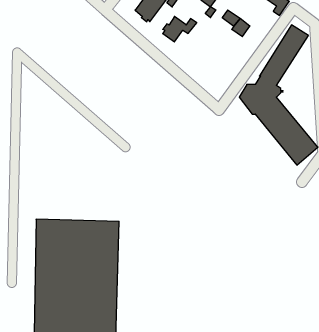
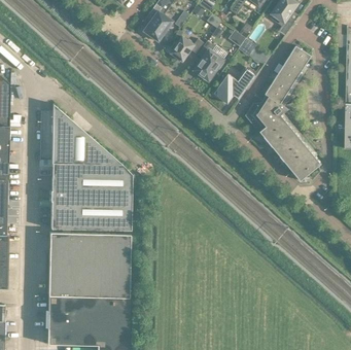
building: none -> [195,40,226,79]
building: none -> [213,69,255,103]
building: none -> [50,103,131,230]

